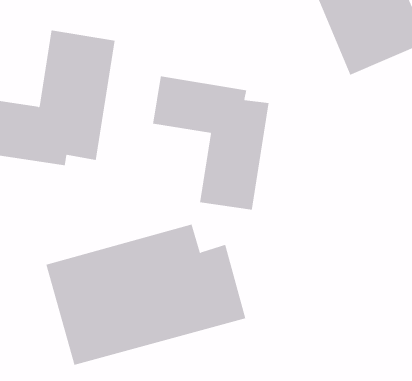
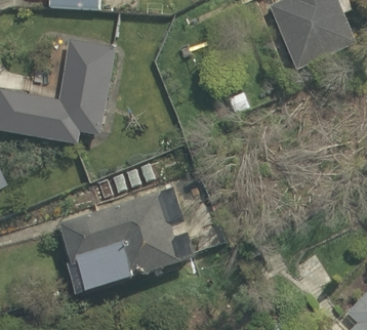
building: [153,76,269,211] -> none

